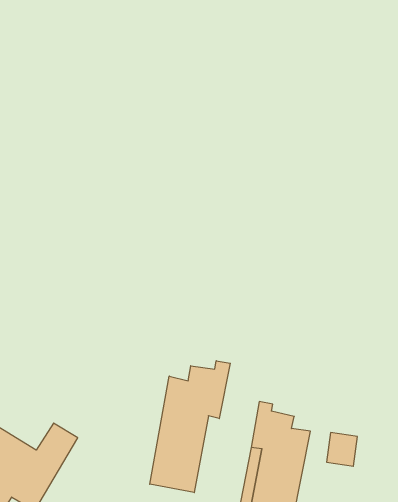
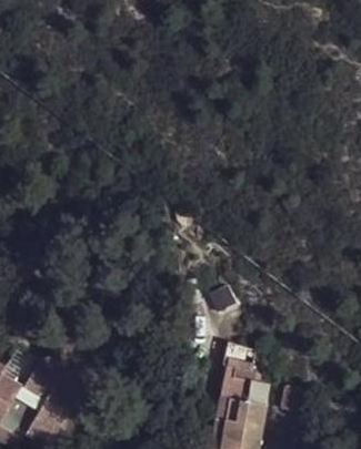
building: [150,361,230,493] -> none

